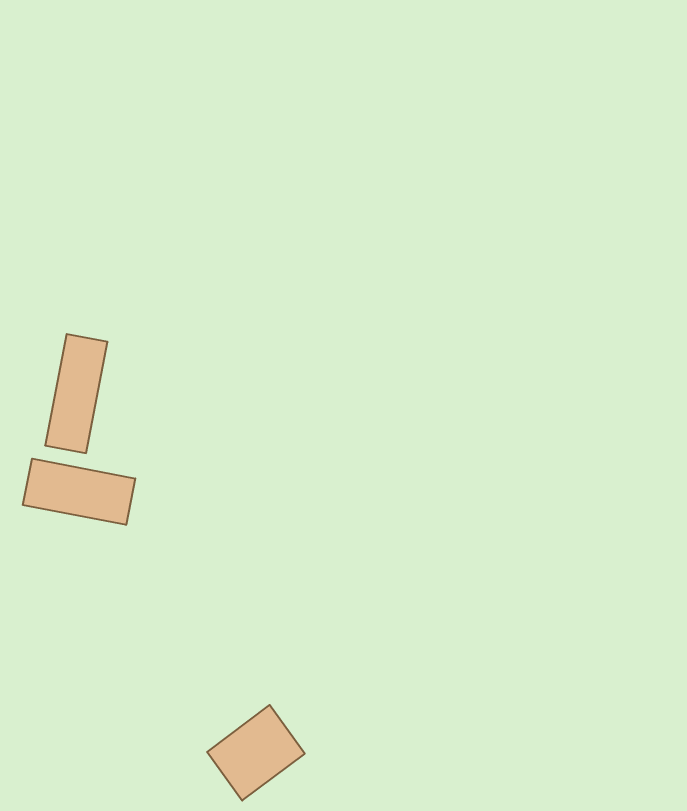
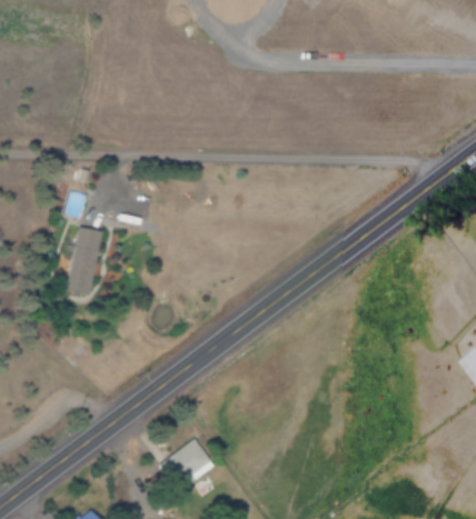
building: [23,459,135,525] -> none

